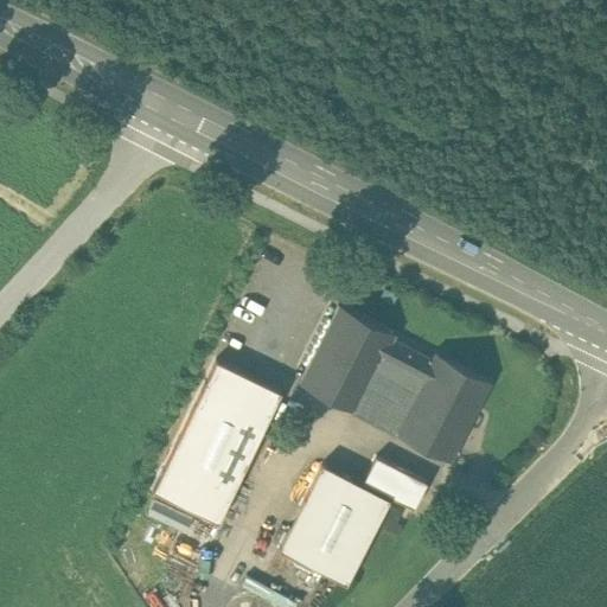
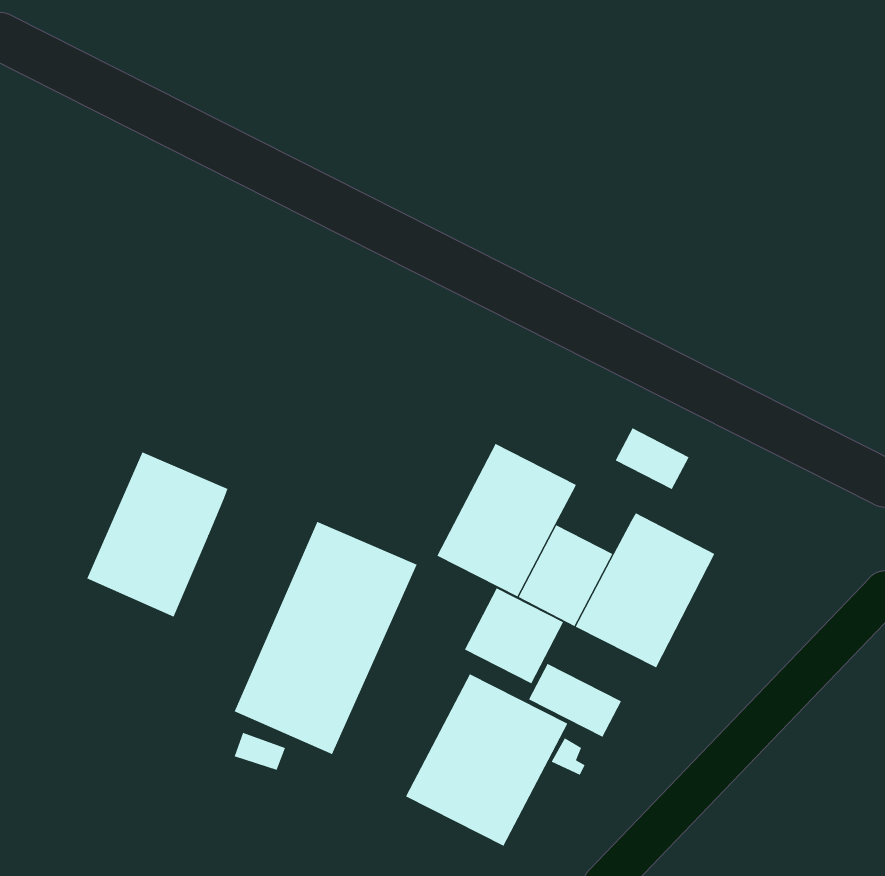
building: none -> [86,451,228,617]
building: [381,343,432,385] -> [615,428,689,490]
building: none -> [464,587,564,684]

